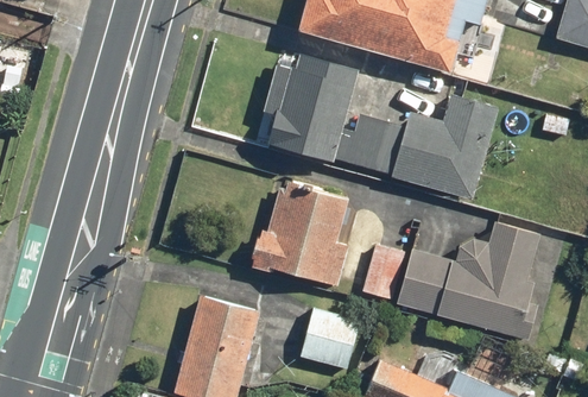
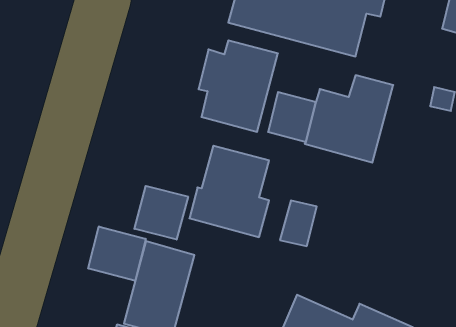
building: [396,222,540,339] -> none
building: none -> [134,186,188,240]
building: none -> [88,226,146,281]
building: [301,308,360,368] -> none

